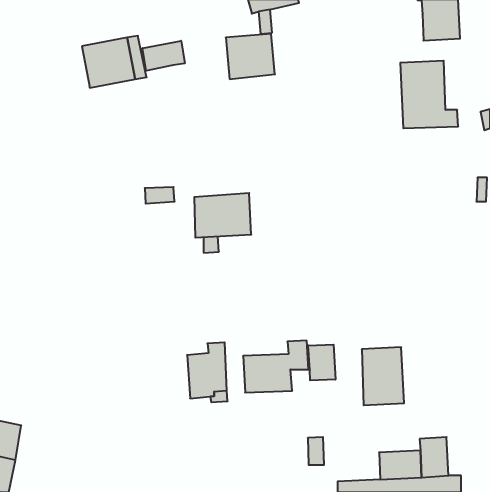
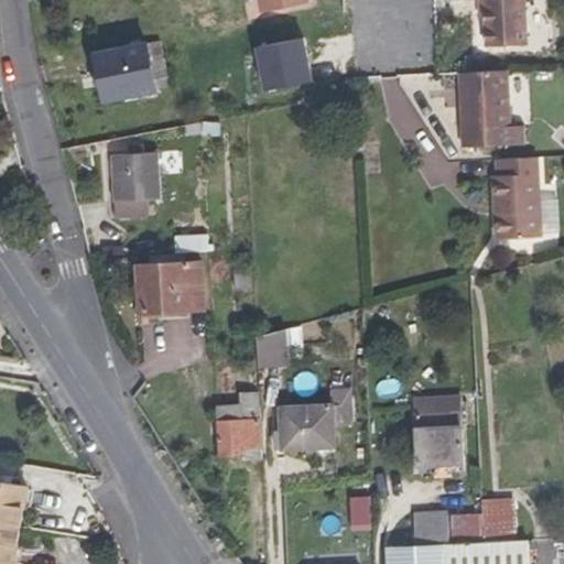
building: [143,41,185,71] -> none
building: none -> [109,152,159,218]
building: none -> [491,155,541,239]
building: [194,193,251,238] -> [137,261,202,312]
building: none -> [254,329,299,369]
building: [308,345,335,380] -> none

